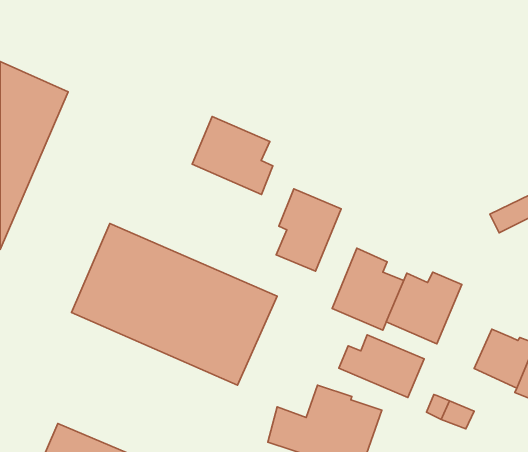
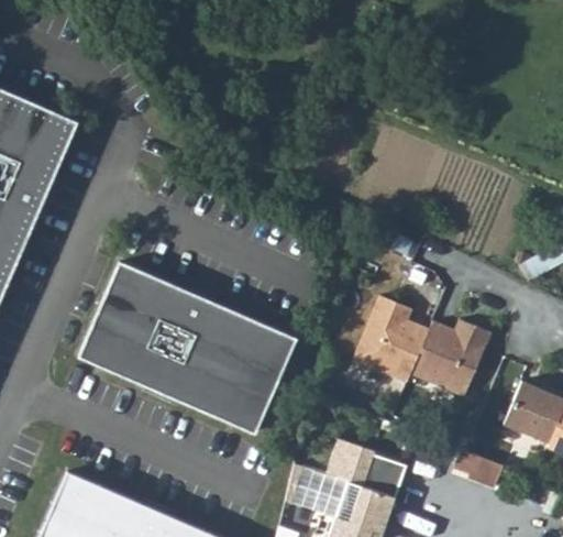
building: [192,117,273,194] -> none
building: [276,189,341,271] -> none
building: [339,335,424,398] -> none

